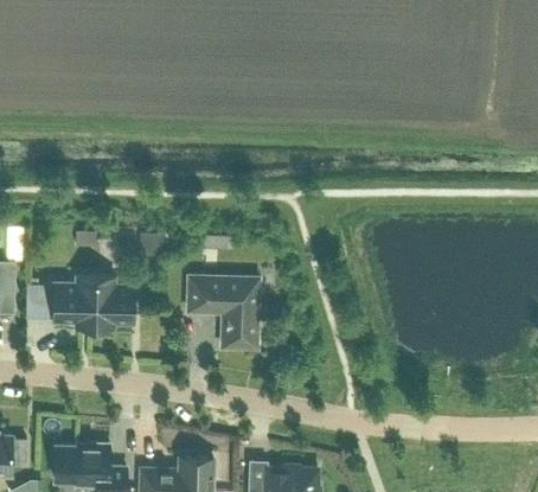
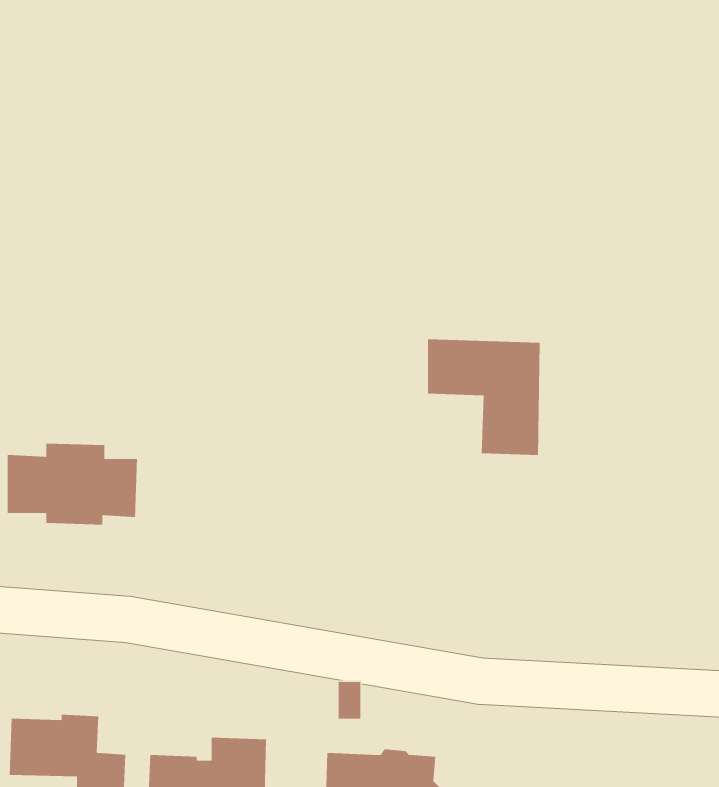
building: [187,276,257,349] -> [427,338,541,456]

